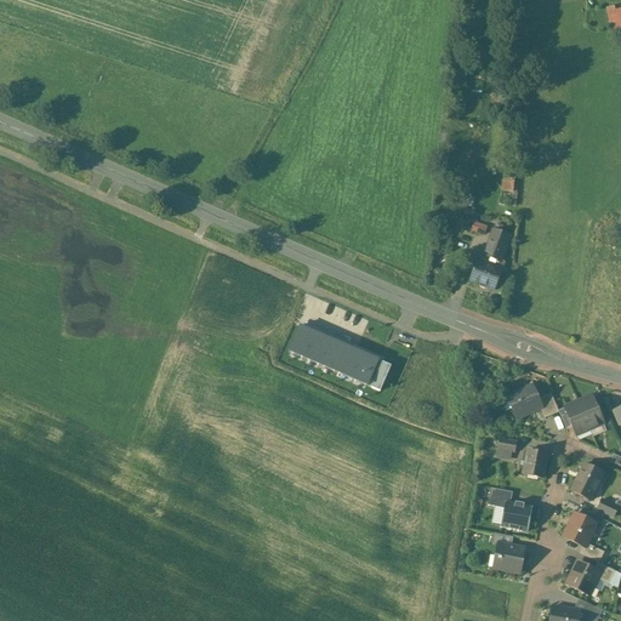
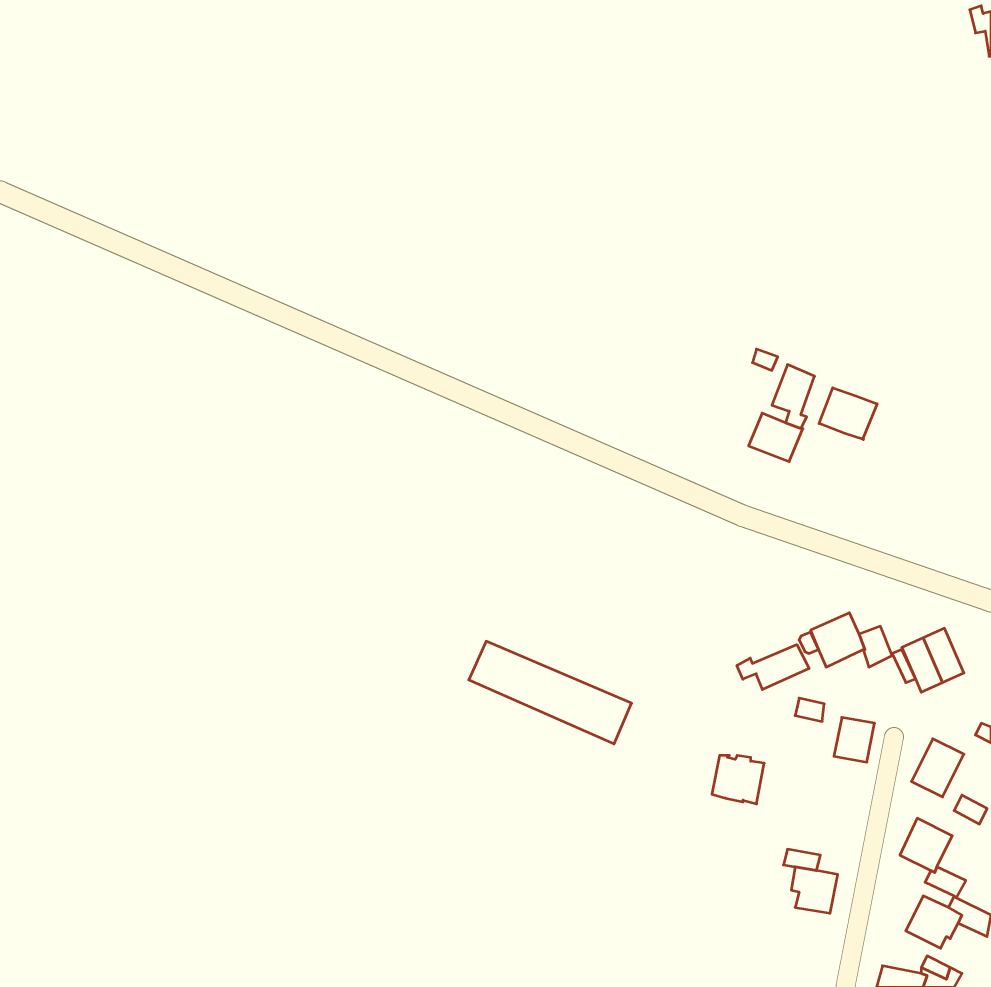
building: none -> [819,388,877,440]
building: [289,325,391,389] -> [469,641,632,744]
building: none -> [737,645,809,690]
building: [500,501,532,531] -> [712,755,764,804]

